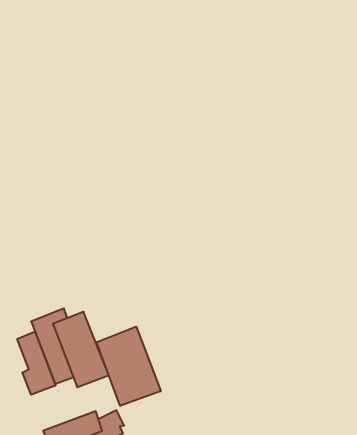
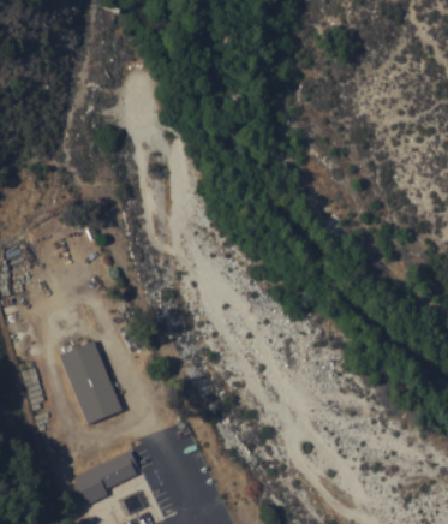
building: [97,327,161,406] -> none
building: [17,331,55,395] -> none

